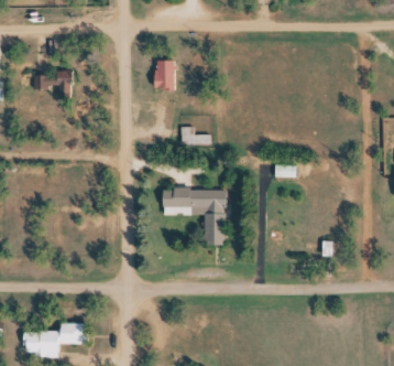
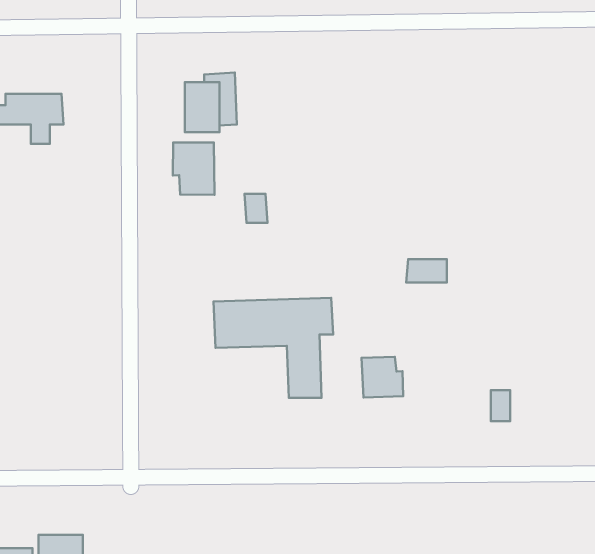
building: none -> [173,143,215,195]
building: none -> [361,357,403,397]

